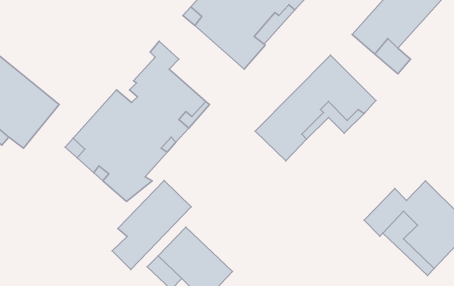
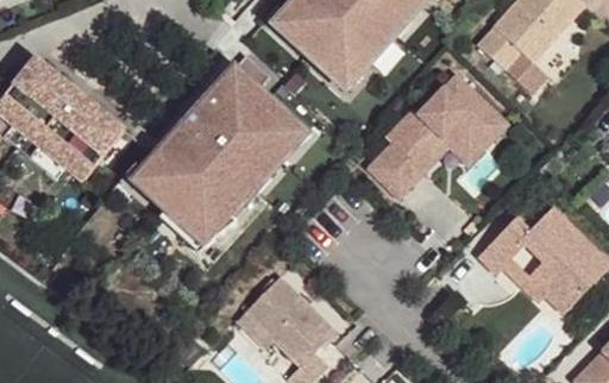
building: [112,180,191,269] -> none

